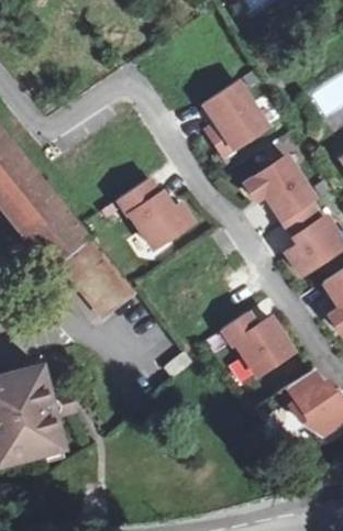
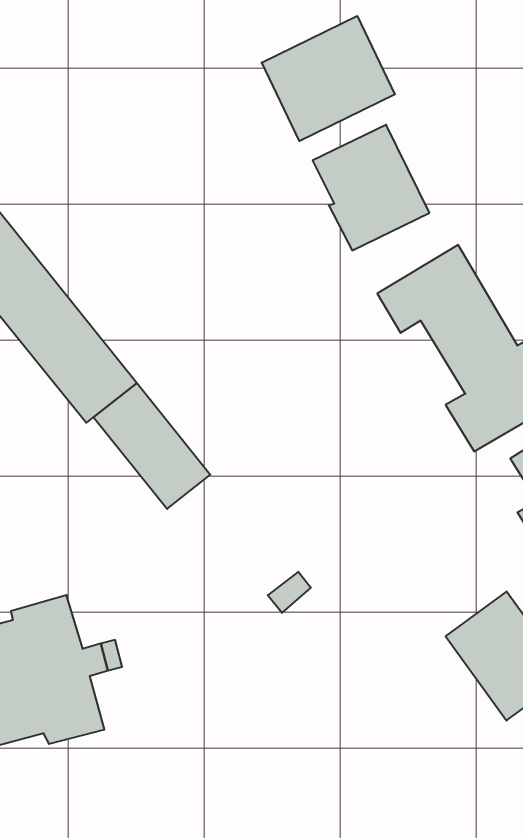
building: none -> [262,16,395,141]
building: [112,175,193,254] -> none
building: [219,311,294,380] -> none

